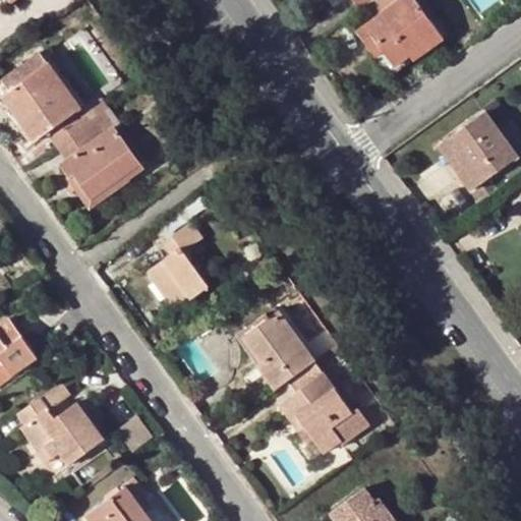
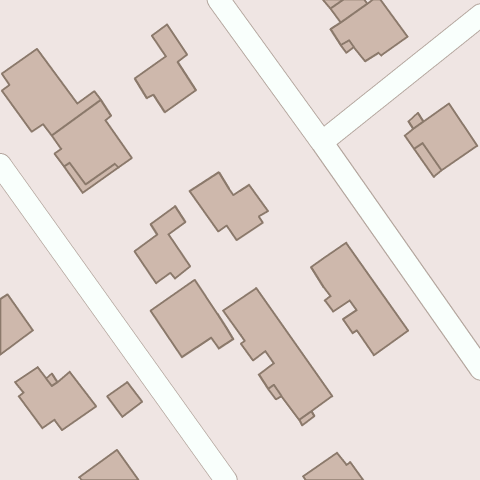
building: none -> [135,24,196,112]
building: none -> [190,172,268,240]
building: none -> [311,243,408,355]
building: none -> [151,280,233,357]

